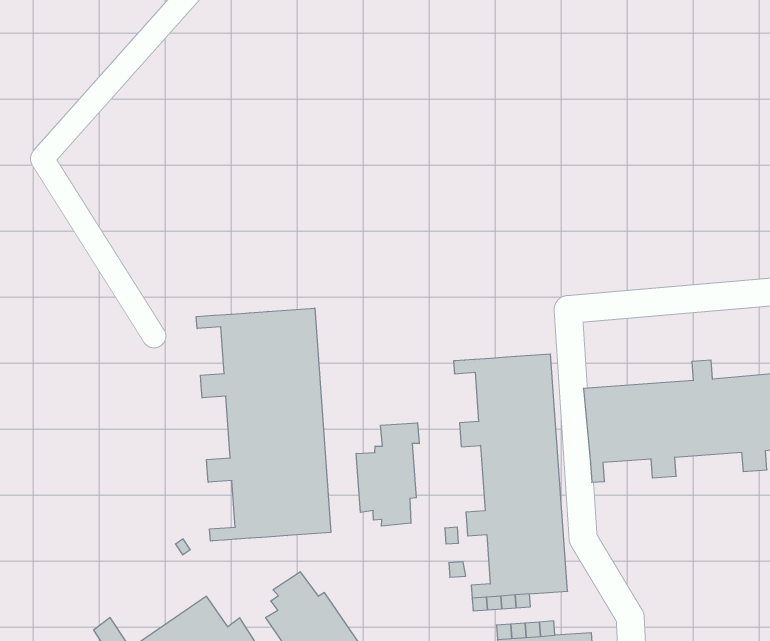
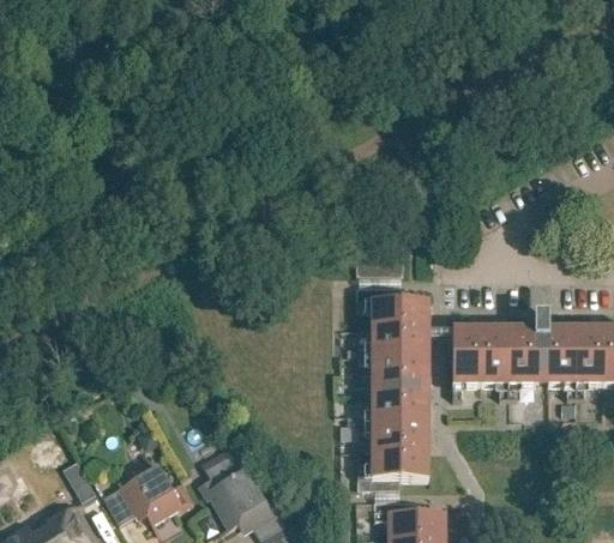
building: [196,308,331,541] -> none
building: [356,423,419,526] -> none

